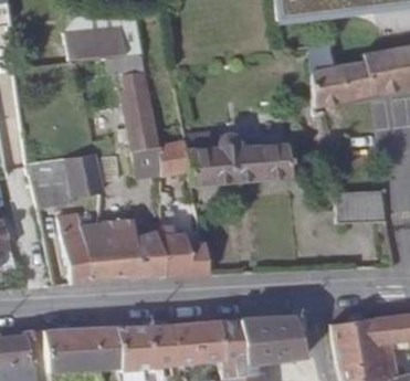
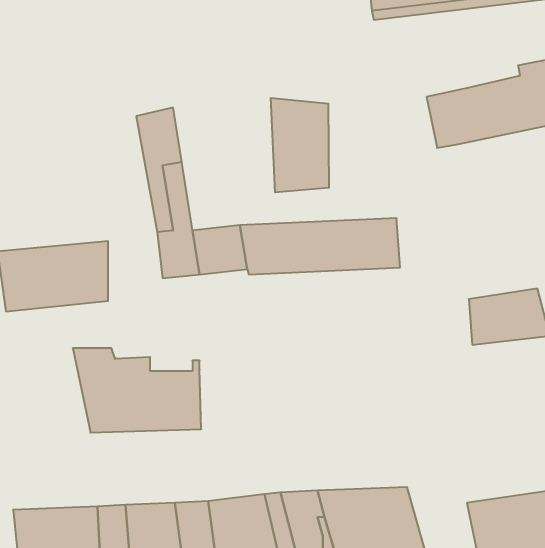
building: [66,24,127,63] -> none
building: none -> [271,98,329,192]
building: [65,229,96,283] -> none
building: [165,242,211,279] -> none

